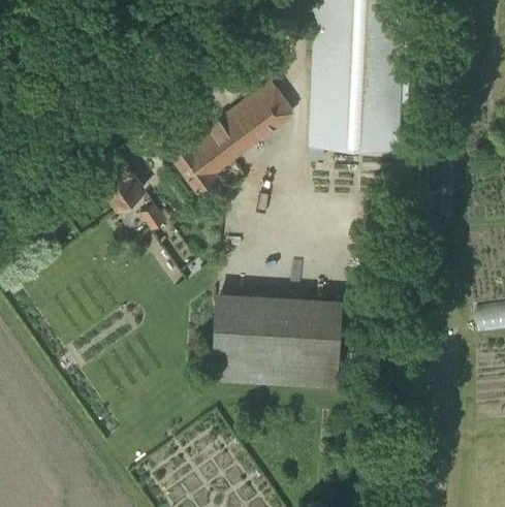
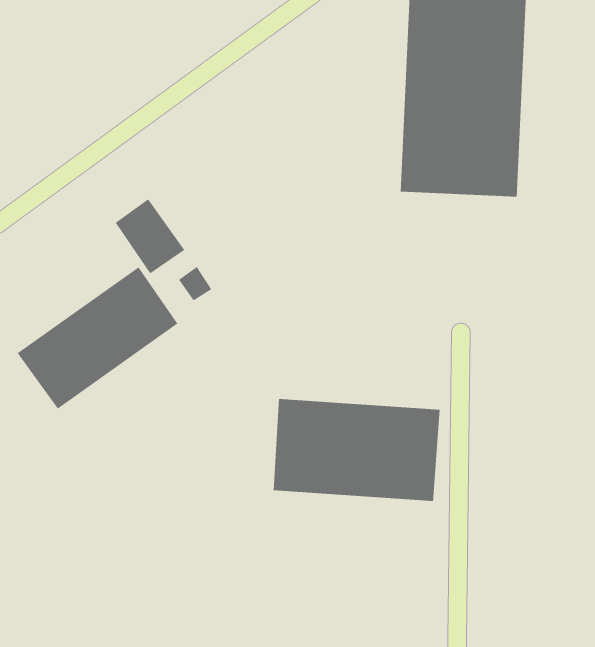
building: [173,84,293,191] -> none
building: none -> [17,266,178,410]

